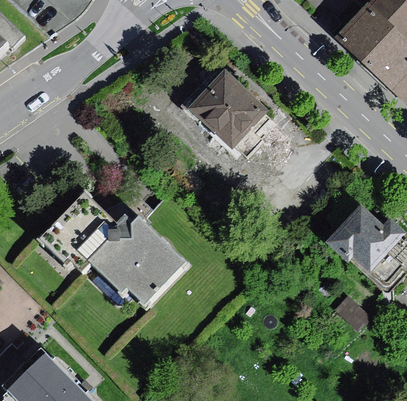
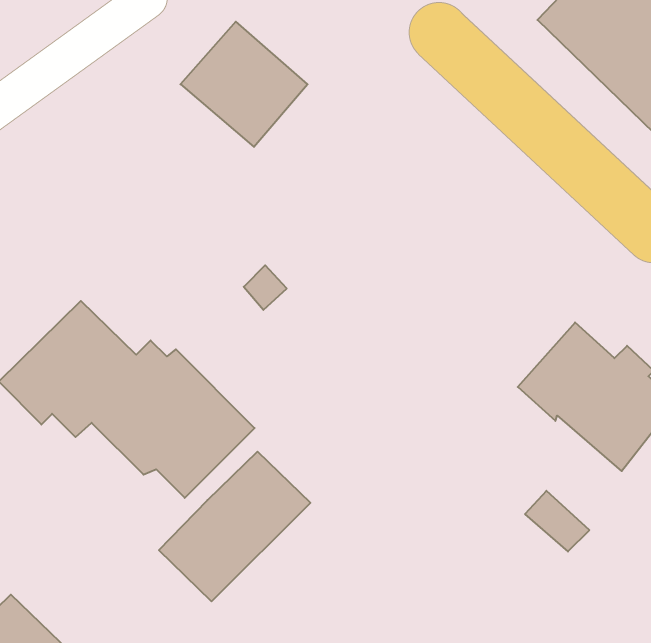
building: [191,71,262,141] -> [180,22,308,147]
building: none -> [159,452,310,601]

